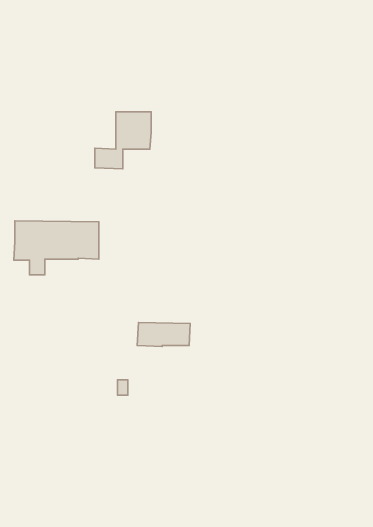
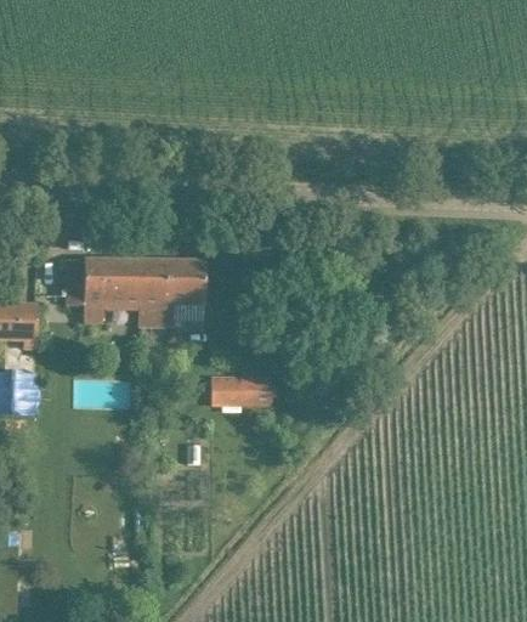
building: [95,112,151,169] -> [142,260,208,327]

